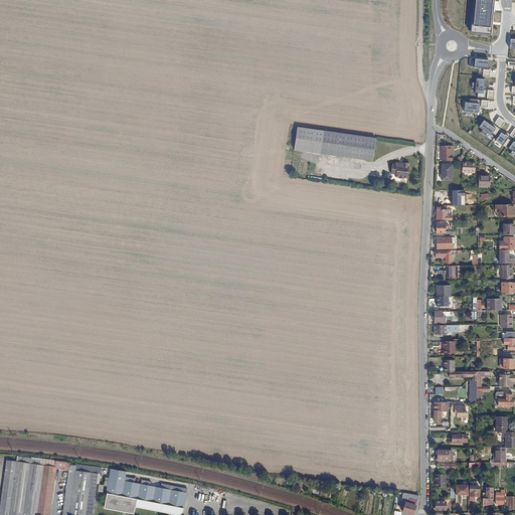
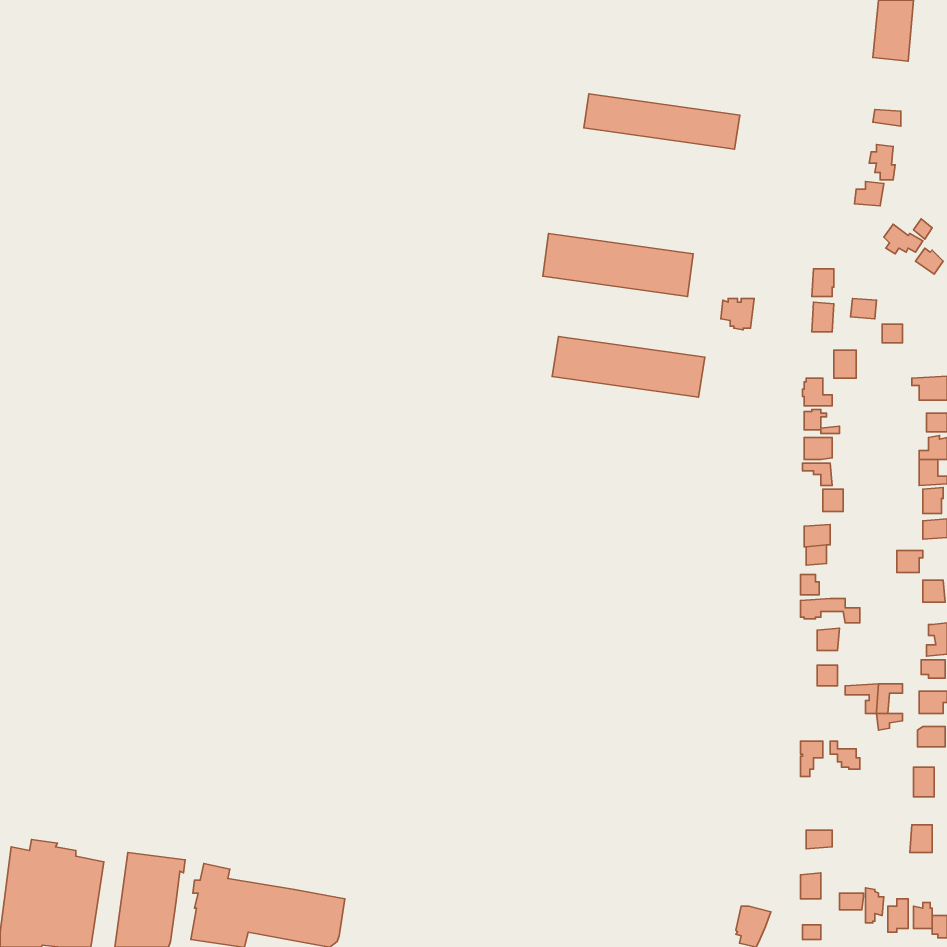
building: none -> [584,94,740,149]
building: none -> [552,336,705,397]

